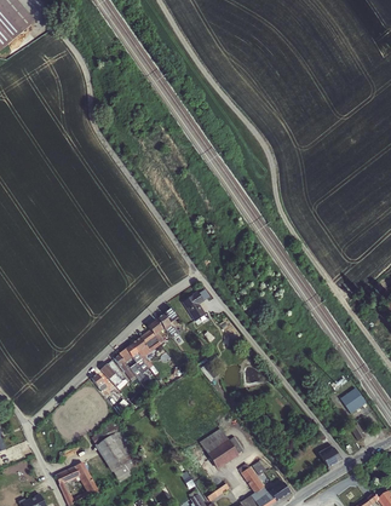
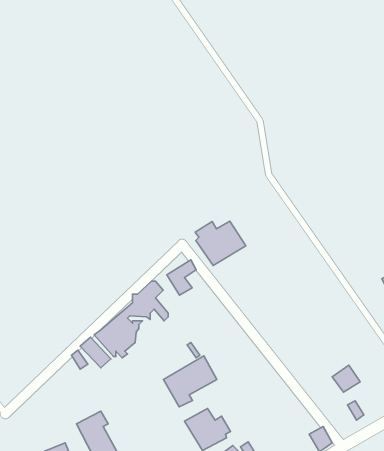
building: none -> [195,221,246,266]
building: none -> [163,356,217,407]

